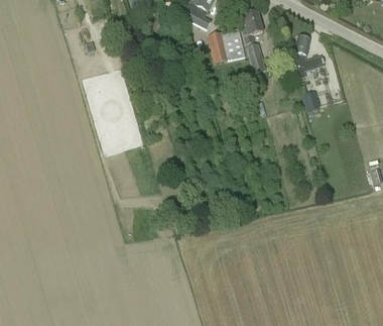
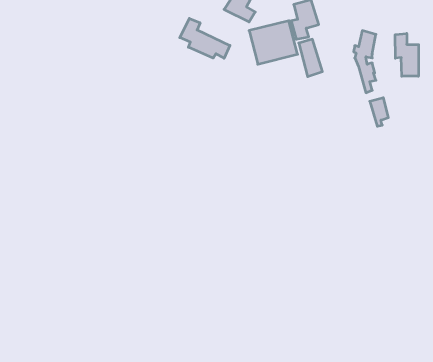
building: none -> [180,18,230,58]
building: none -> [395,33,419,76]

